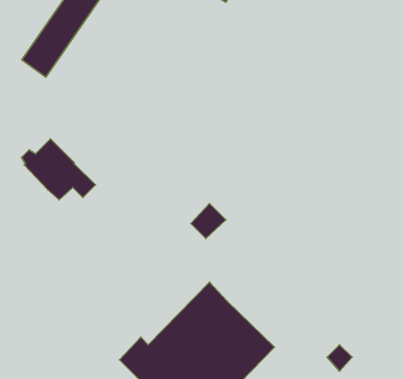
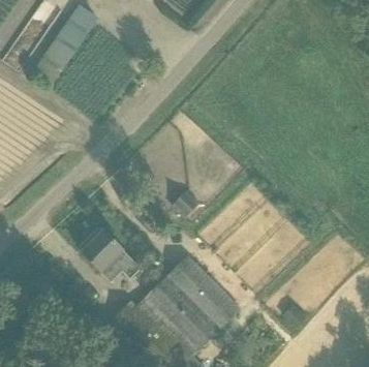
building: [22,139,95,200] -> [80,227,141,278]

